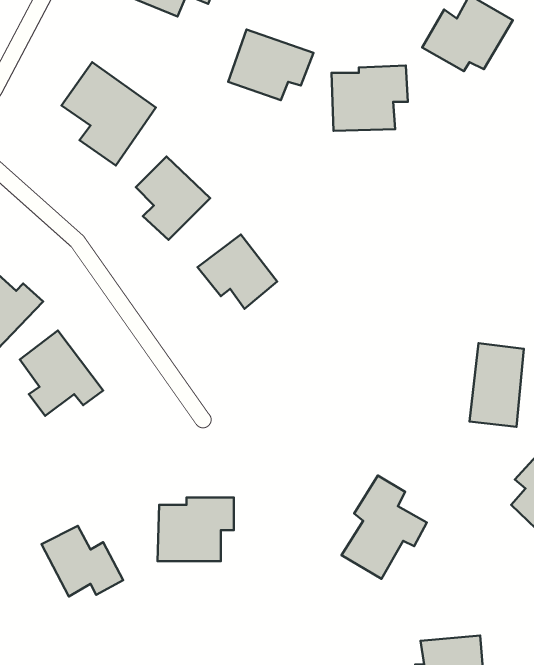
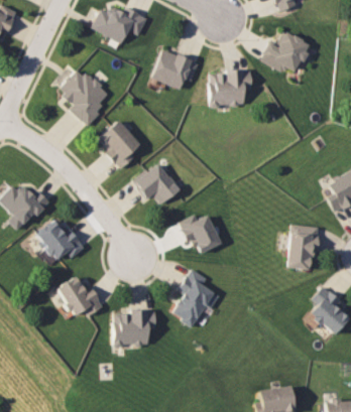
building: none -> [181,215,221,255]
building: [342,475,427,579] -> [171,269,219,326]
building: [42,526,123,597] -> [57,277,103,316]

